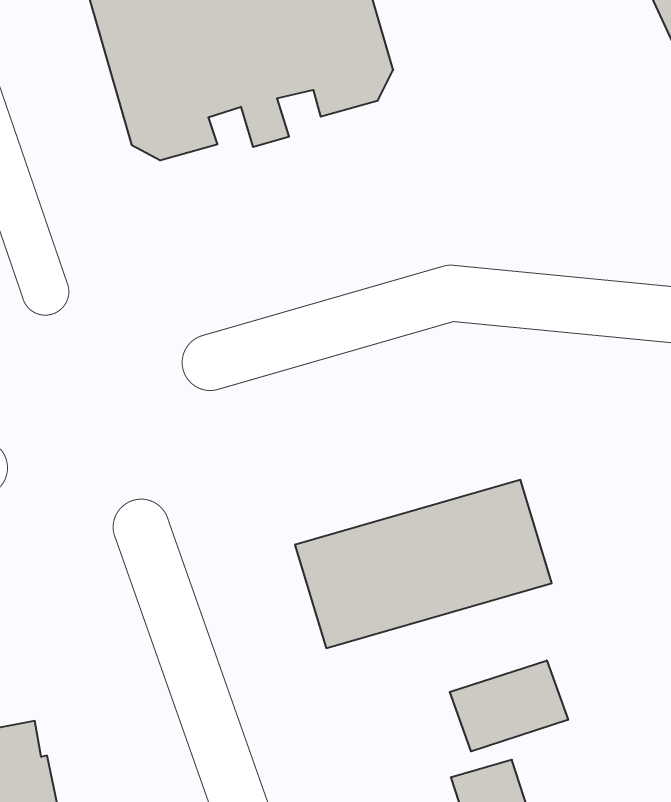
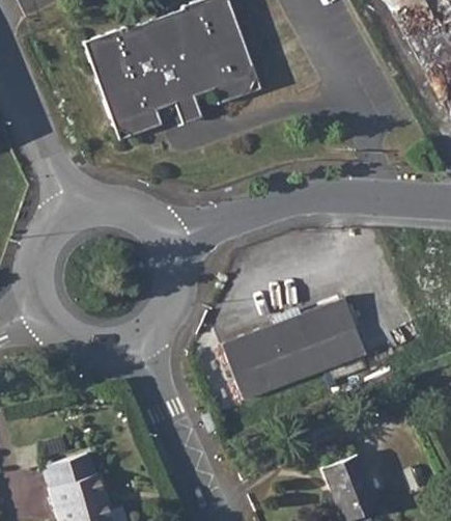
building: [450,660,568,751] -> none

